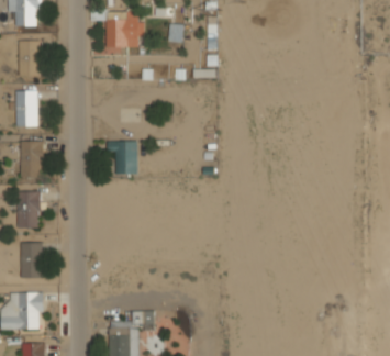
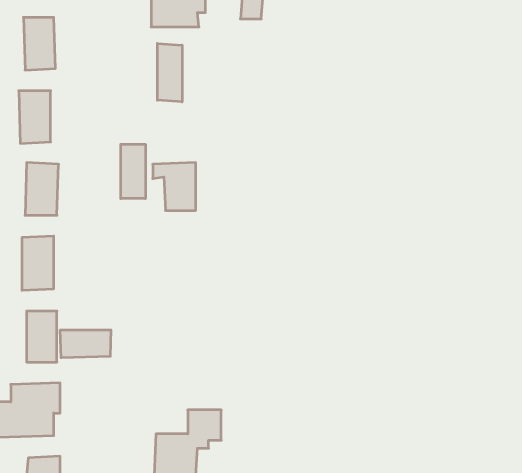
building: none -> [157,43,182,102]
building: none -> [121,144,145,199]
building: none -> [60,330,111,358]

